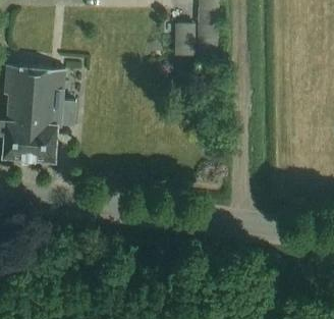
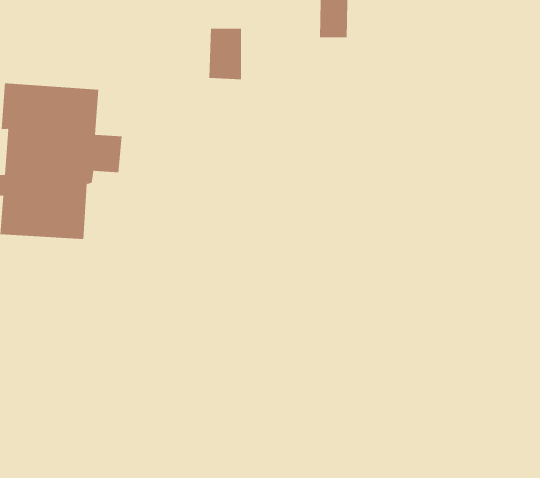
building: [171,26,191,58] -> [209,28,242,80]

